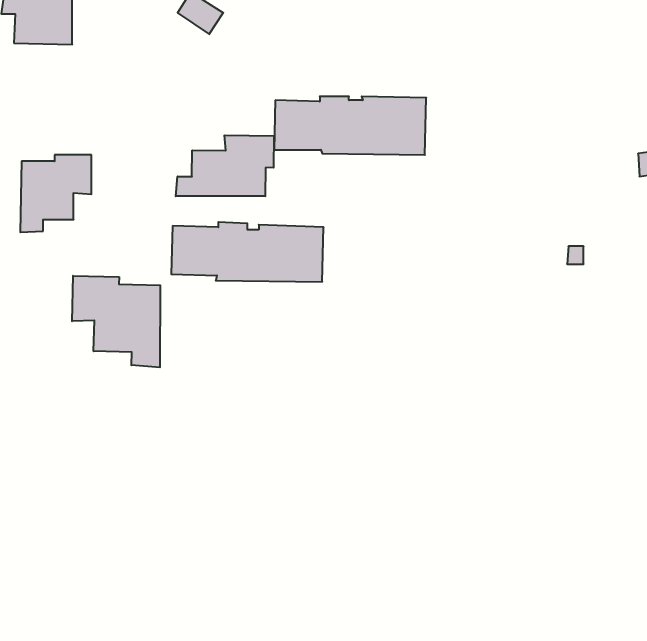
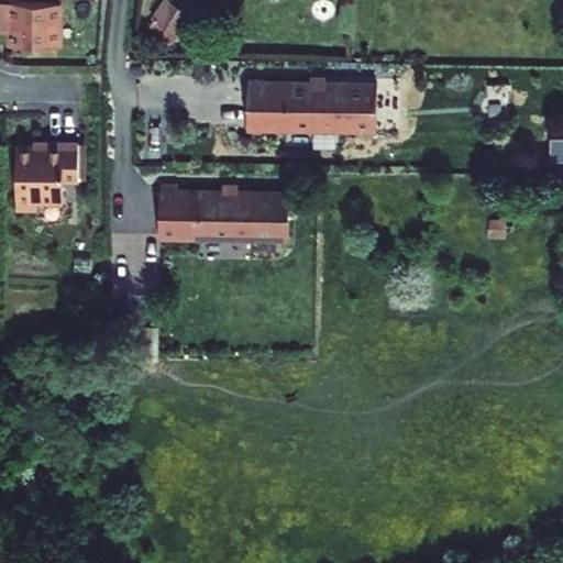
building: [176,135,274,196] -> none
building: [72,276,160,367] -> none

